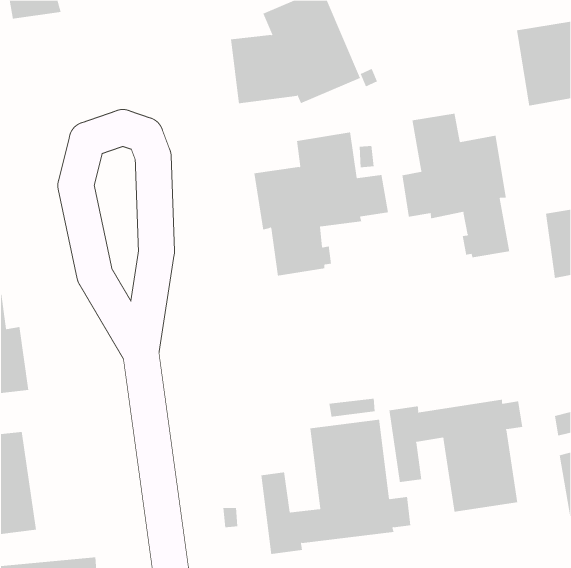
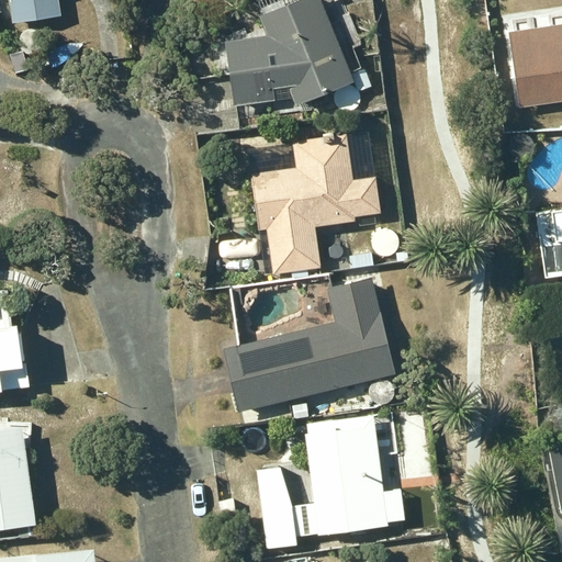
building: [402,113,510,258] -> none
building: none -> [223,277,393,412]
building: [389,399,523,512] -> none

